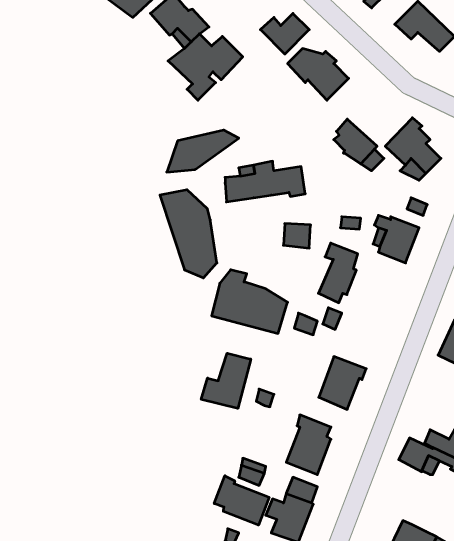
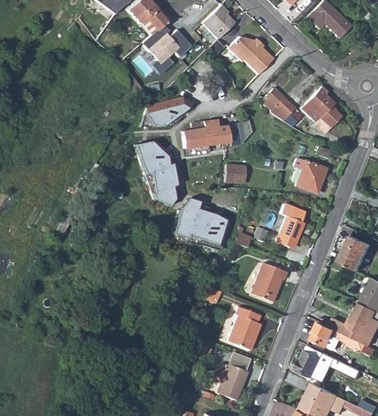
building: [318,243,358,303] -> [276,204,305,248]
building: [201,353,251,408] -> none
building: none -> [297,345,344,387]
building: [214,476,269,525] -> none

